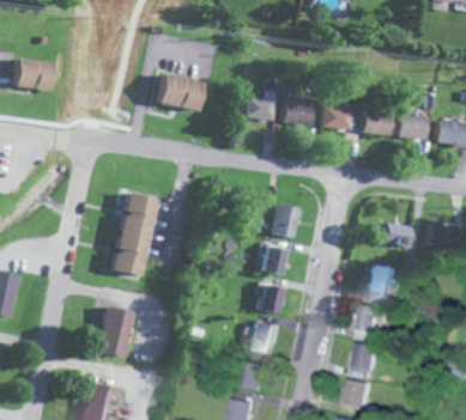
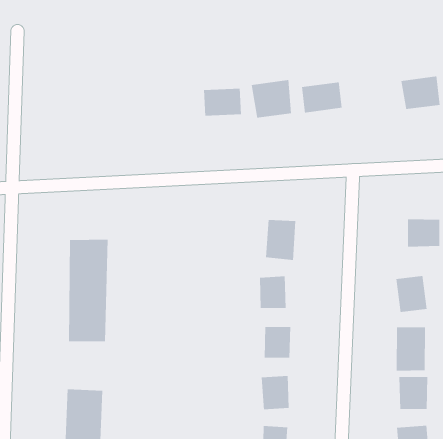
building: [155,74,199,109] -> none
building: [361,110,391,135] -> none

